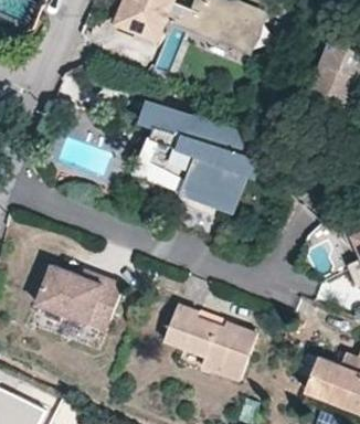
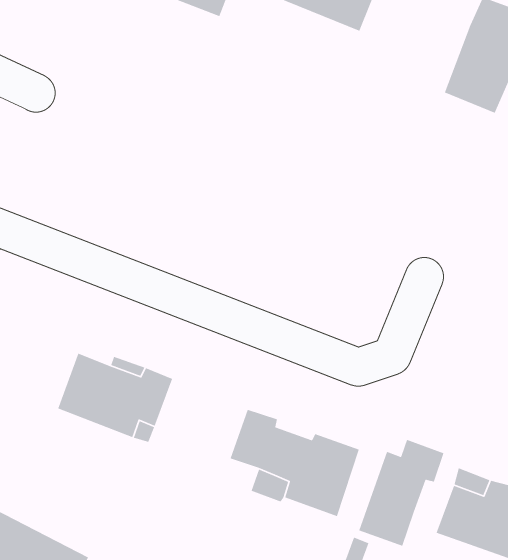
building: [140,104,245,203] -> none
building: none -> [358,439,444,547]

